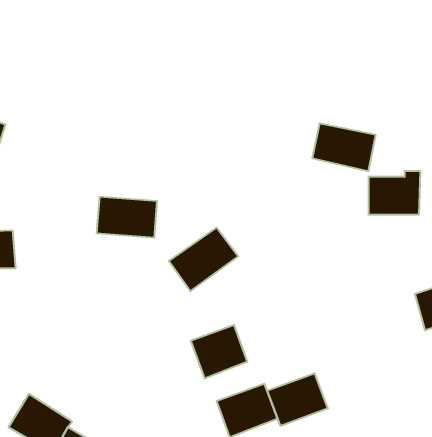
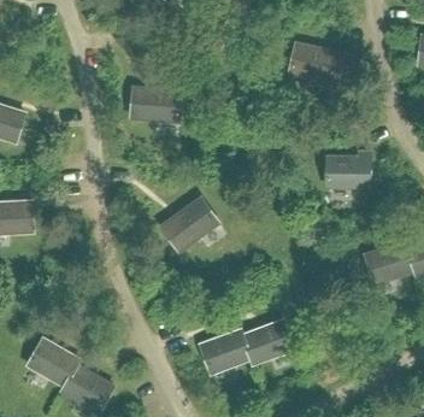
building: [312,123,376,171] -> [290,43,343,83]
building: [97,197,157,237] -> [131,88,182,122]
building: [191,325,247,379] -> none

